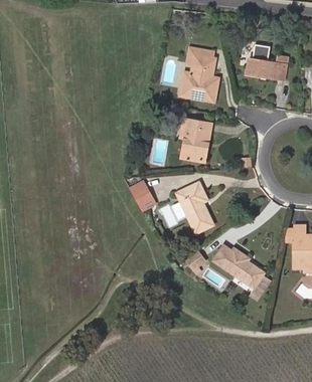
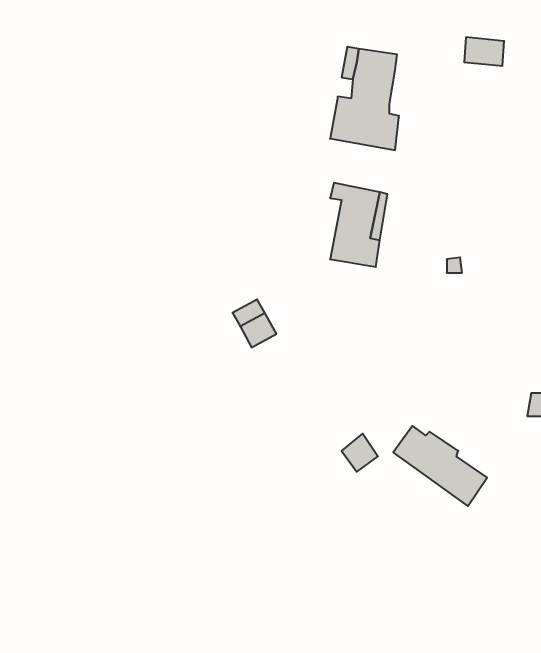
building: [246,57,287,80] -> none
building: [175,183,213,234] -> none

